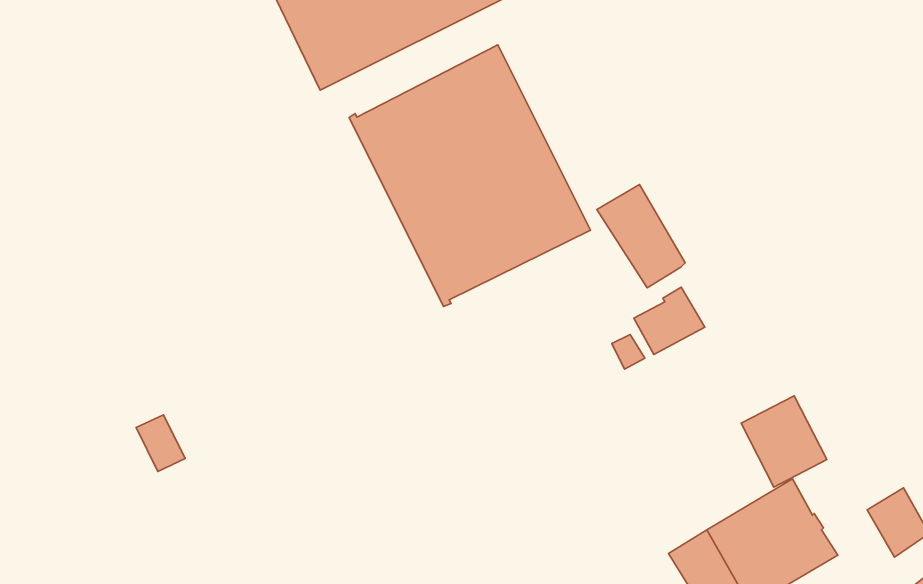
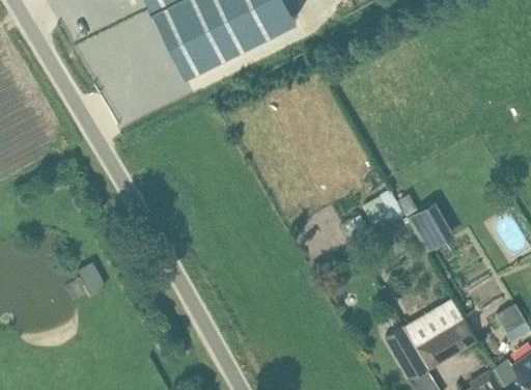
building: [349,45,590,306] -> none
building: [597,184,685,288] -> none
building: [741,396,827,487] -> [406,204,454,256]

